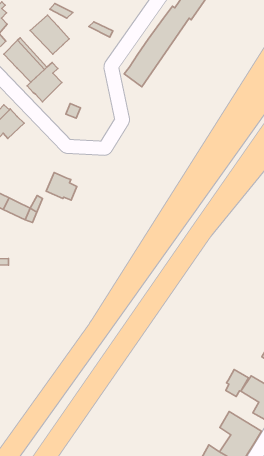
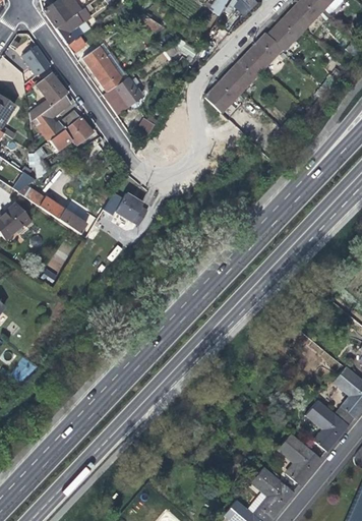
building: [30,15,69,54] -> none
building: [226,369,248,396] -> none

